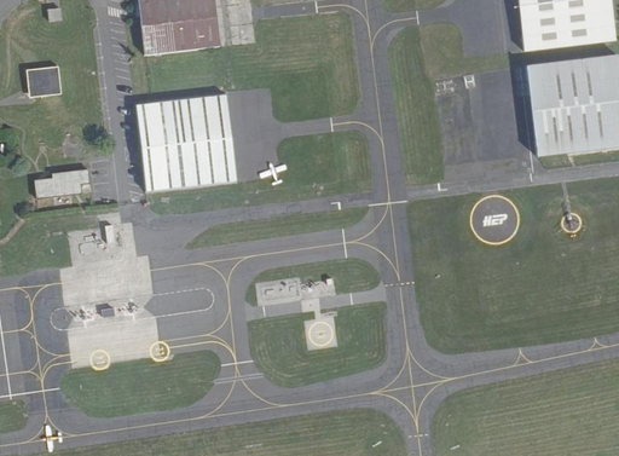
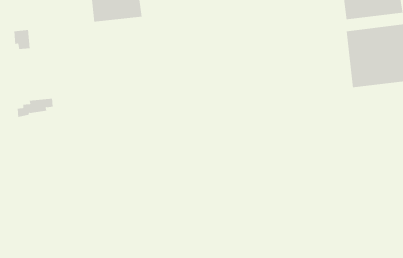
building: [137,91,237,190] -> none

